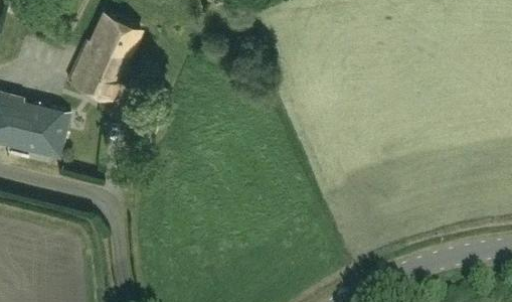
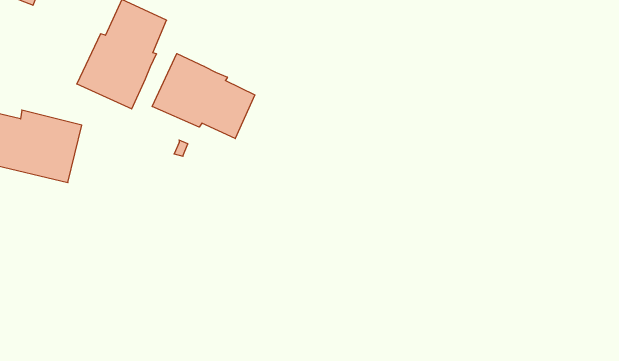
building: none -> [152,54,255,139]

